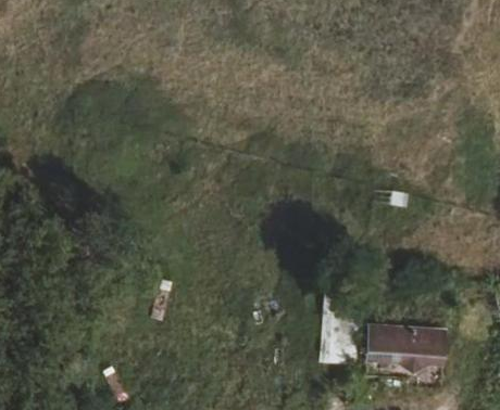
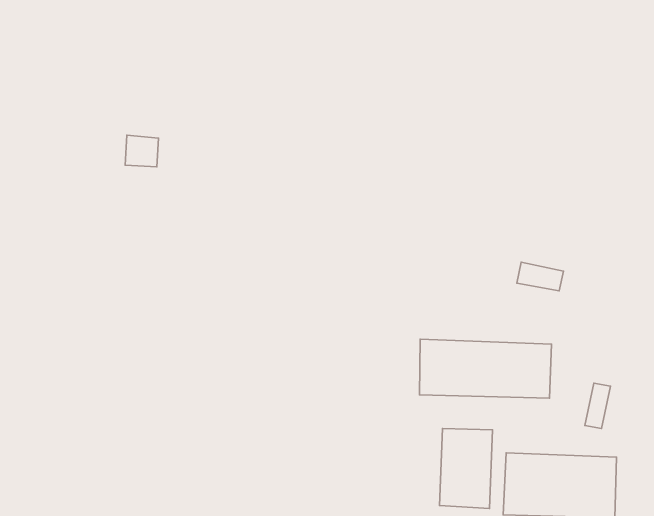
building: none -> [420,339,552,398]

